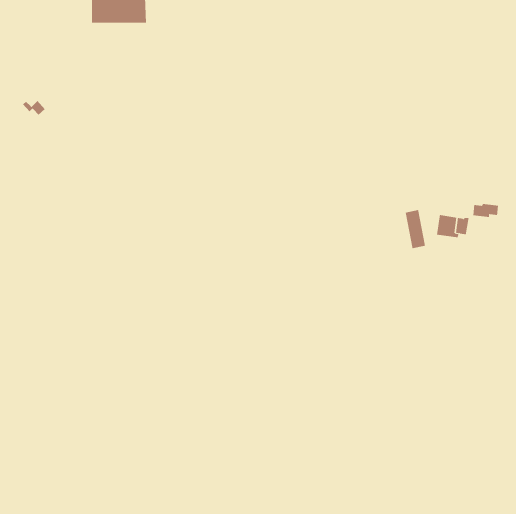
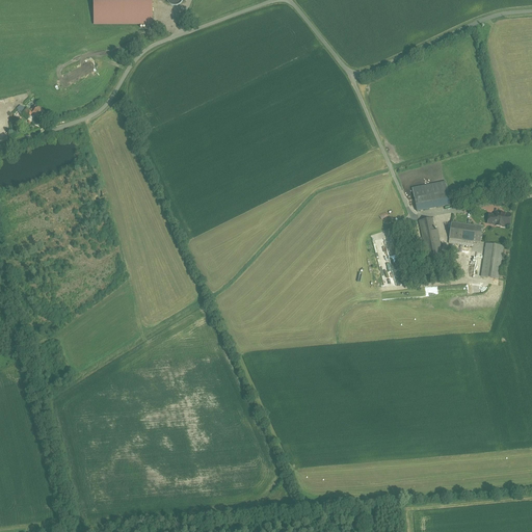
building: none -> [414,179,450,210]
building: none -> [481,241,506,276]

